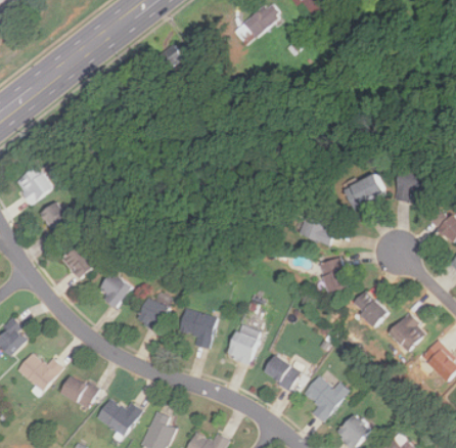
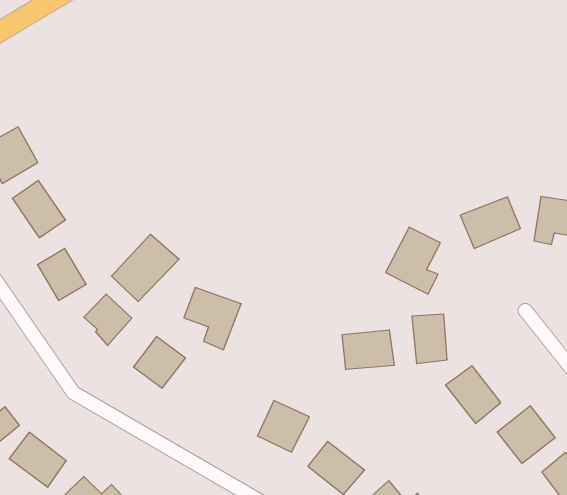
building: none -> [111,234,179,301]
building: none -> [342,330,394,370]
building: [179,309,217,349] -> [184,288,241,350]

